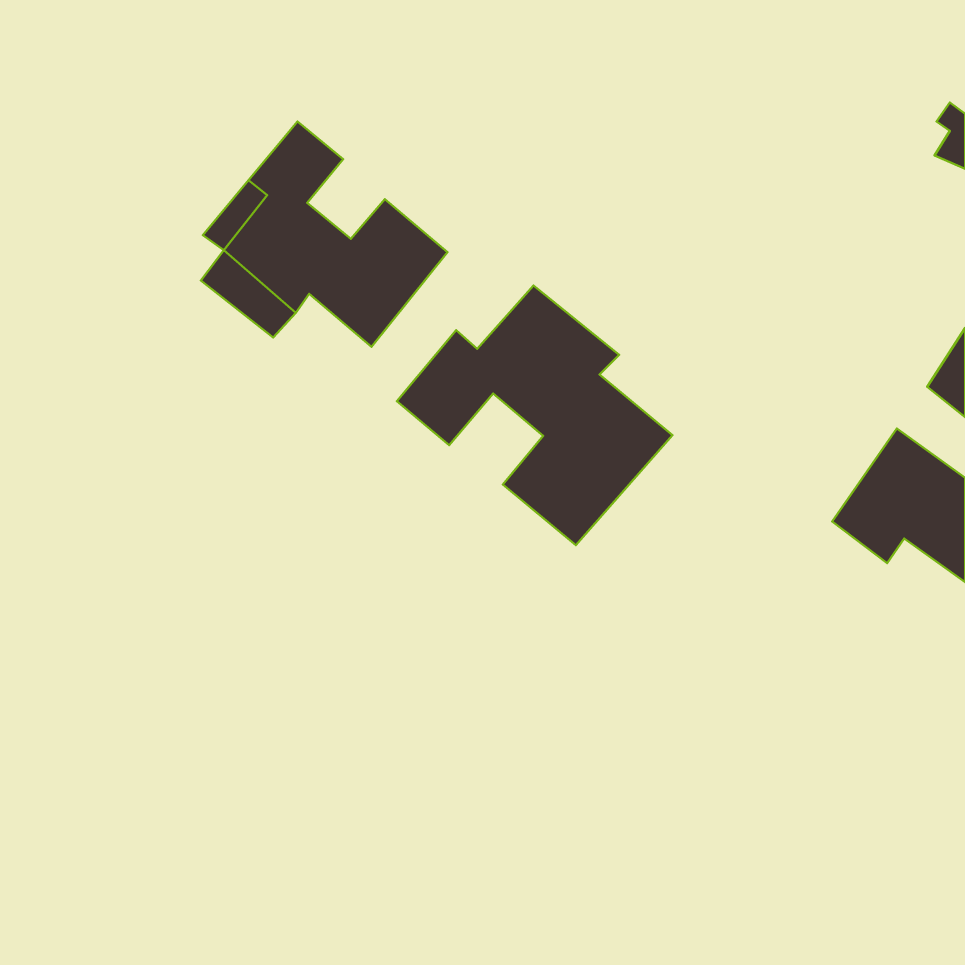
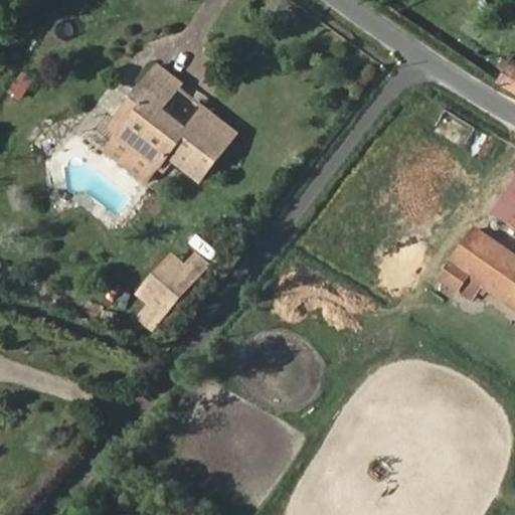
building: [397,285,672,545] -> none
building: none -> [136,249,207,327]

